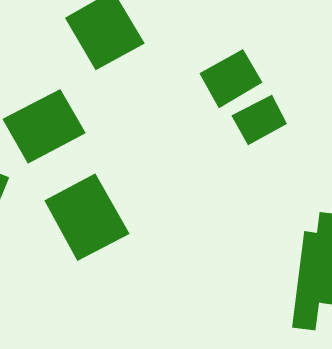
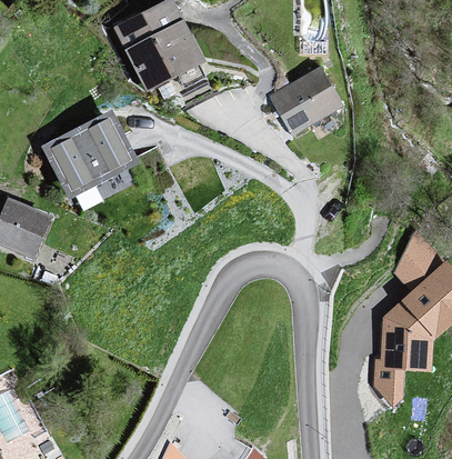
building: [231,94,288,146] -> none
building: [44,173,130,262] -> none

